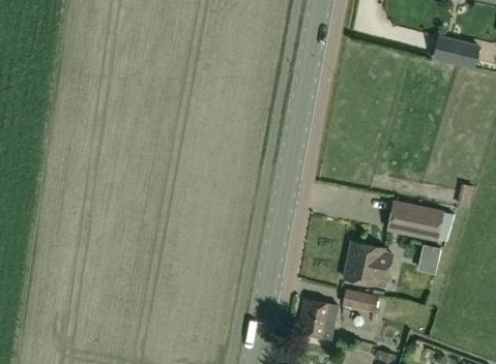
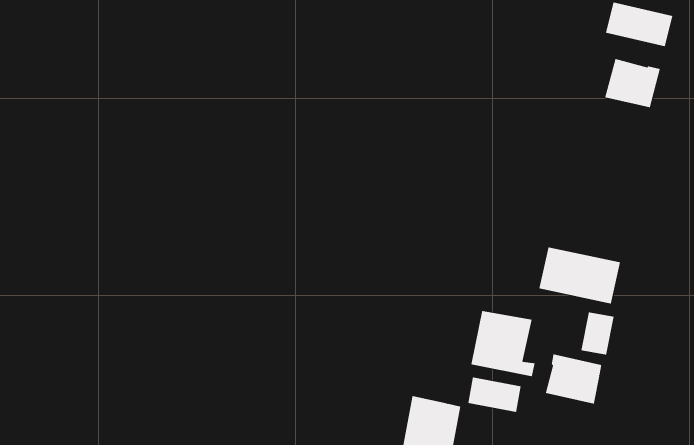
building: none -> [605,58,661,108]
building: none -> [545,354,602,404]

